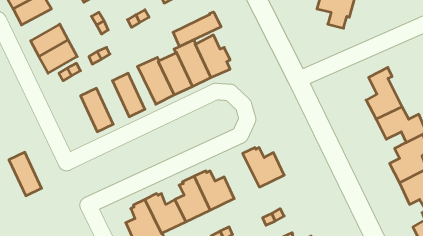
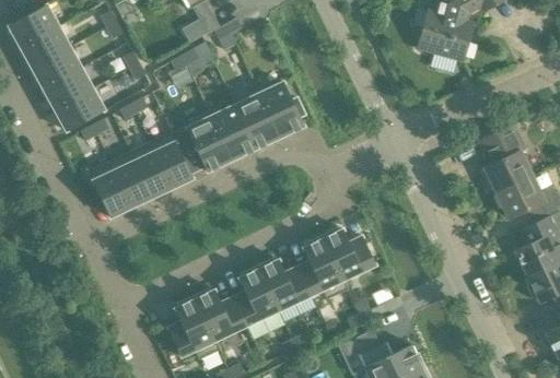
building: none -> [32,48,82,90]
building: [173,12,221,47] -> none
building: none -> [130,142,173,199]
building: [9,152,42,196] -> [89,162,131,218]
building: none -> [298,237,349,300]

